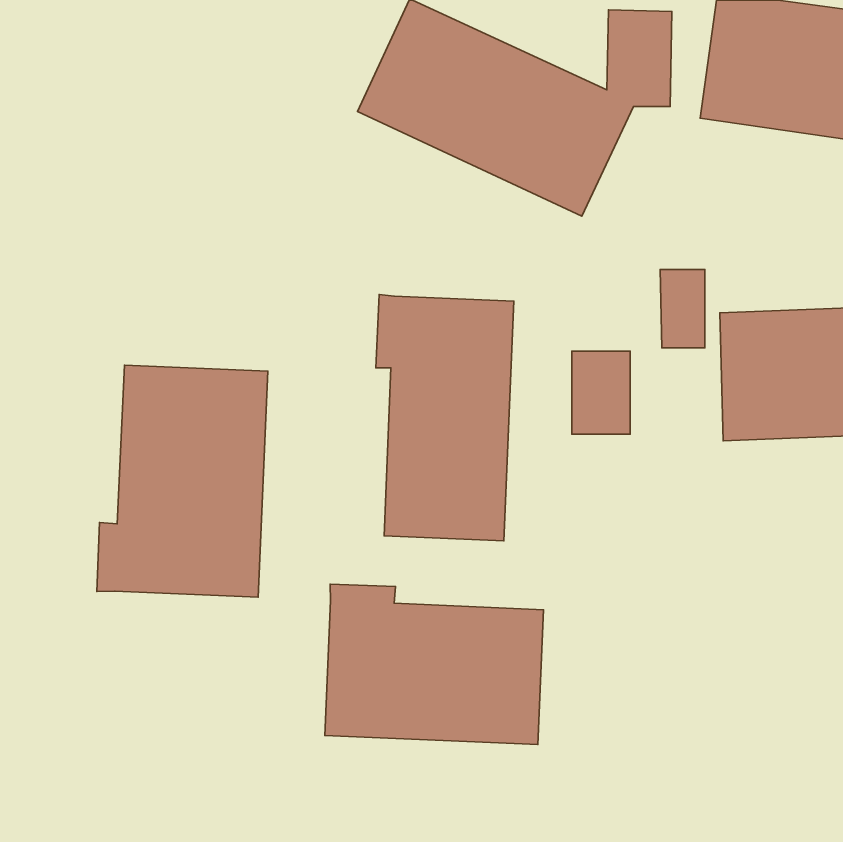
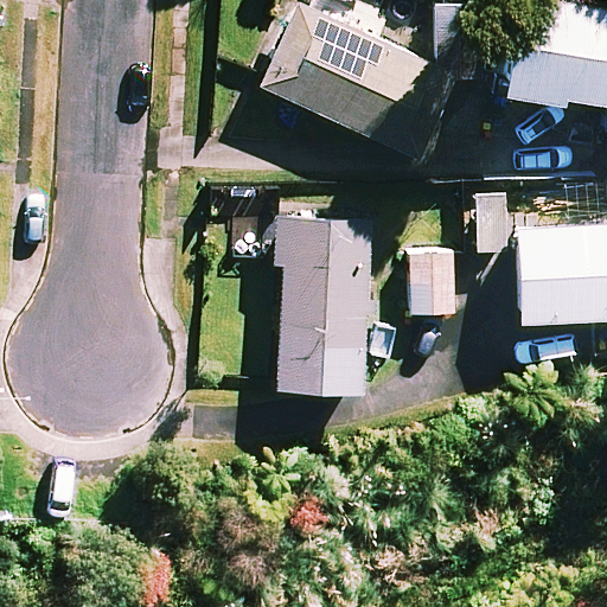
building: [97,365,268,597] -> none
building: [325,584,543,745] -> none

